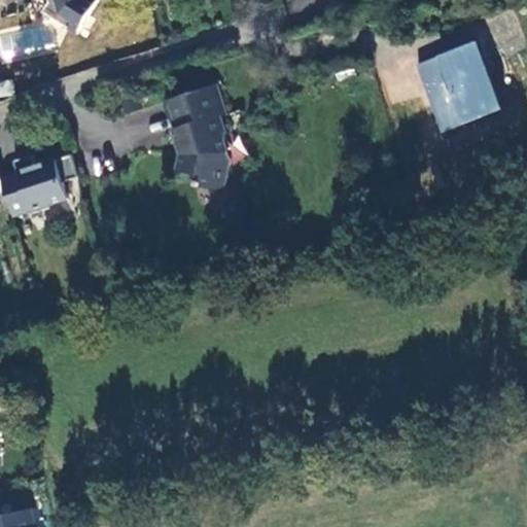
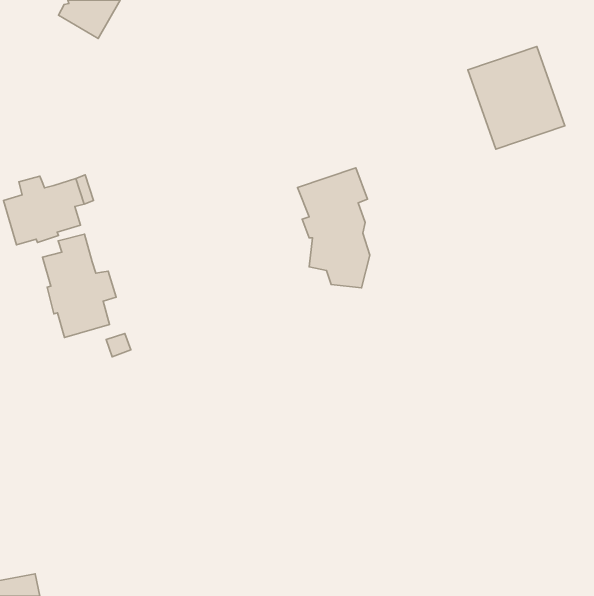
building: [165,82,229,188] -> [297,168,370,288]
building: none -> [43,234,116,338]

